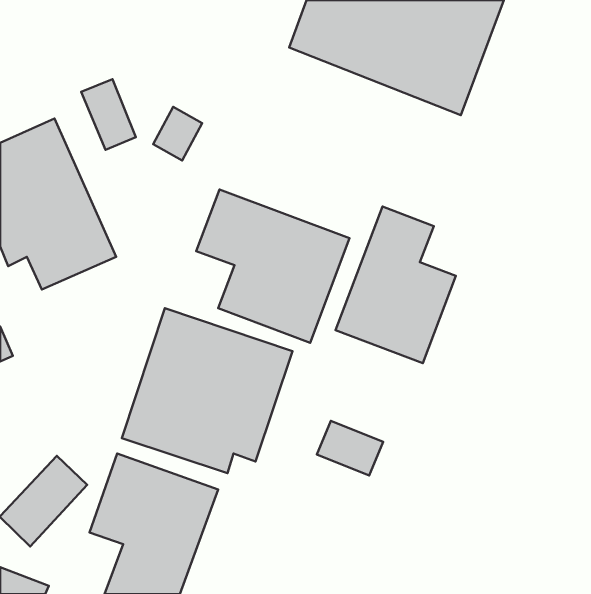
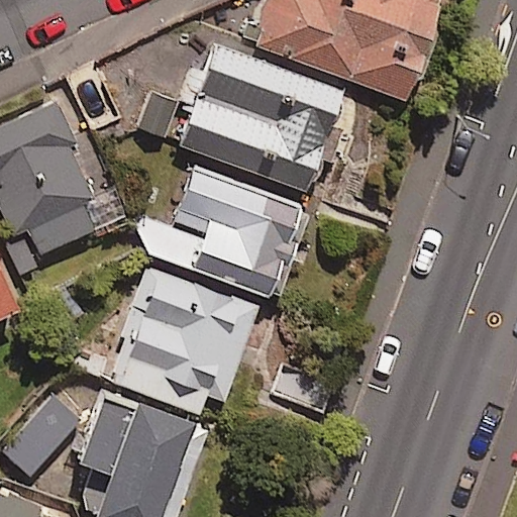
building: none -> [180,40,342,196]
building: [335,207,456,363] -> none

